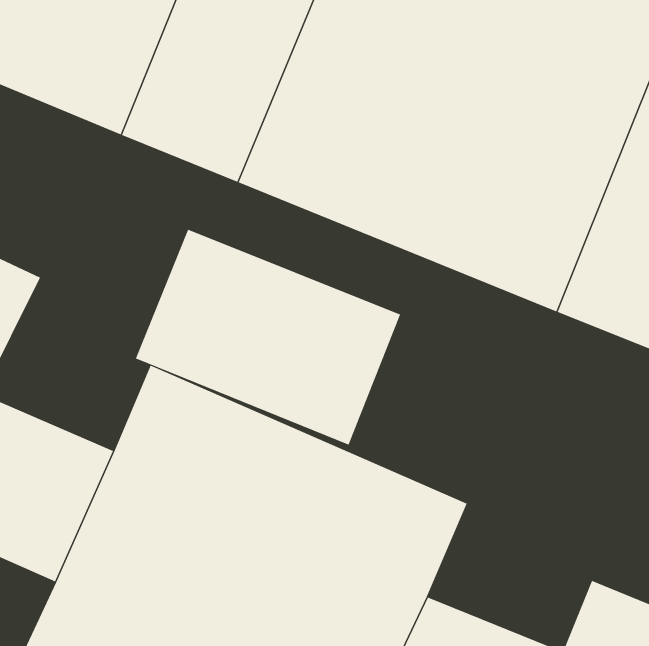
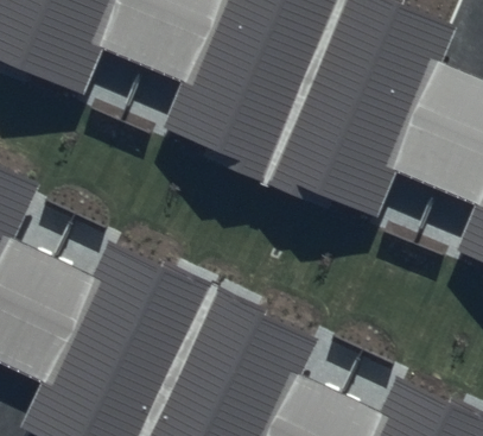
building: [135,229,401,446] -> none

